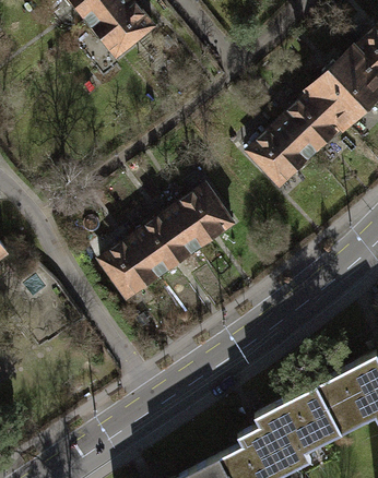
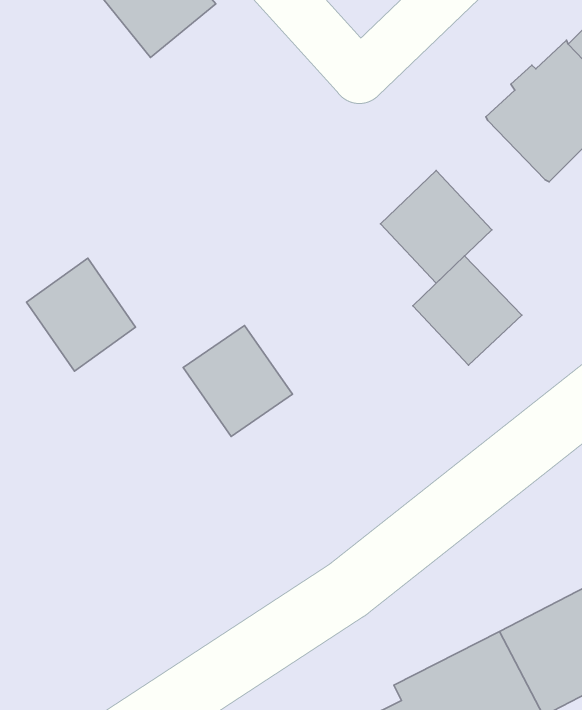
building: [279,94,341,156] -> [413,256,522,365]
building: [169,186,232,250] -> none
building: [99,235,162,299] -> [26,258,136,371]

